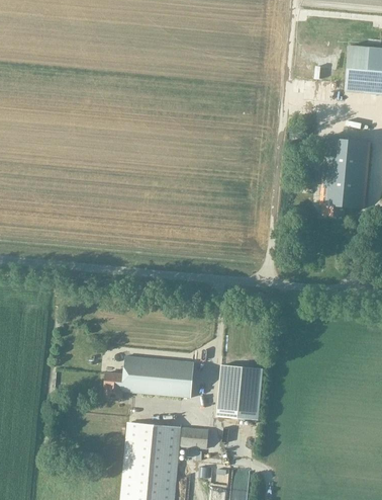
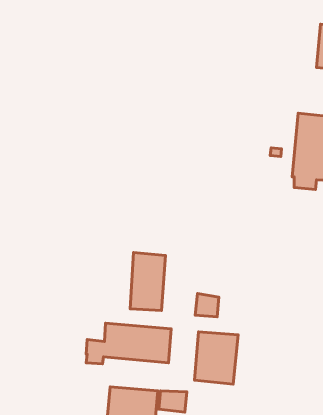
building: none -> [130,253,166,311]
building: none -> [195,294,219,317]

